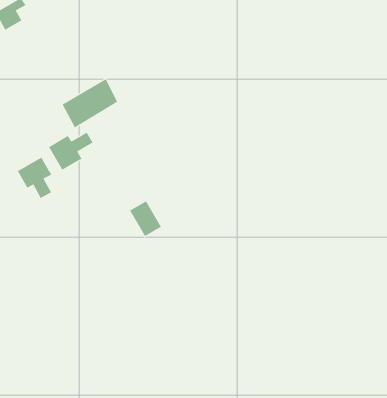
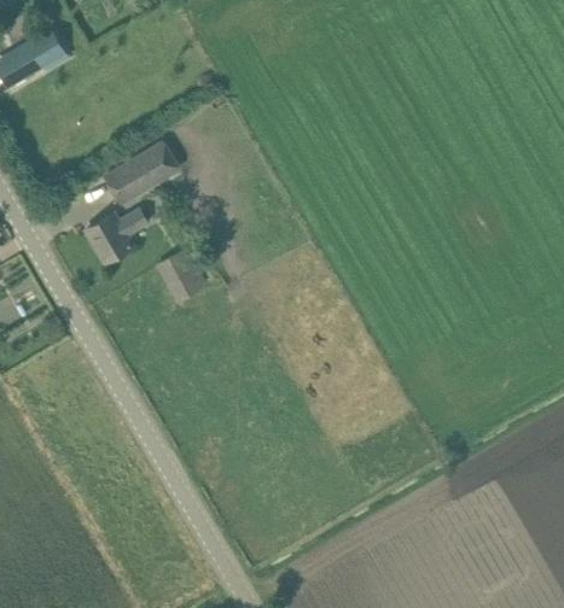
building: [17,157,52,199] -> none
building: [129,201,162,237] -> [157,252,200,300]

